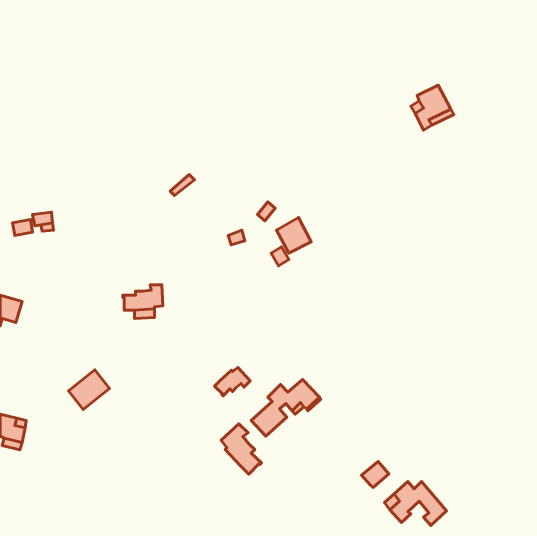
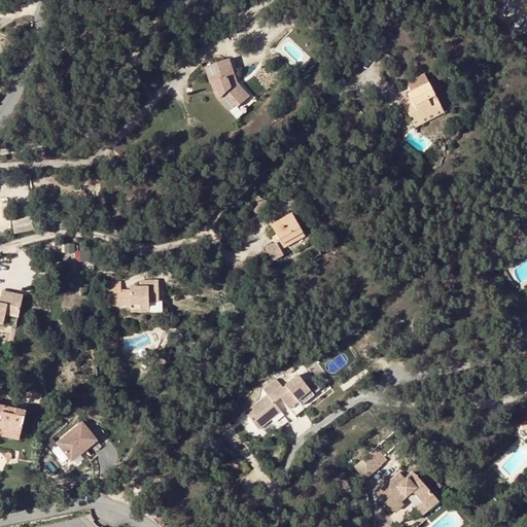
building: none -> [204,57,249,110]
building: [215,368,250,396] -> none
building: [68,370,109,410] -> [59,422,99,461]
building: [221,424,261,474] -> none

